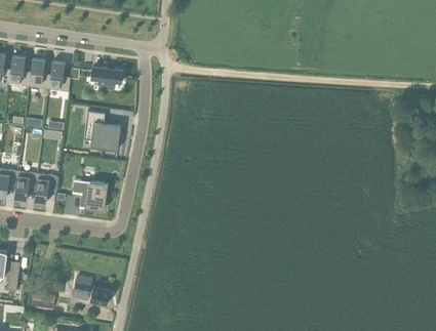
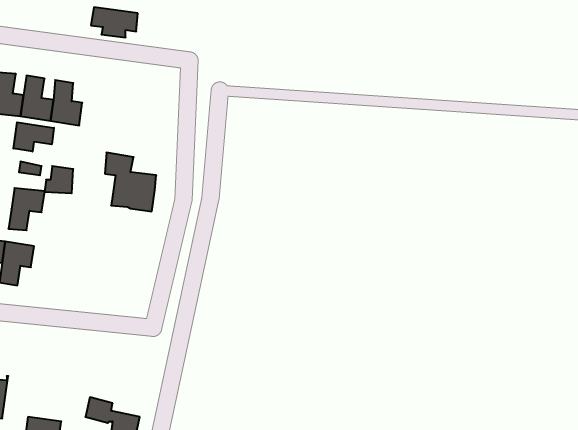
building: [90,67,122,87] -> [91,7,138,37]
building: none -> [13,122,54,152]
building: [33,174,57,203] -> [8,188,45,230]
building: [77,180,107,210] -> none

